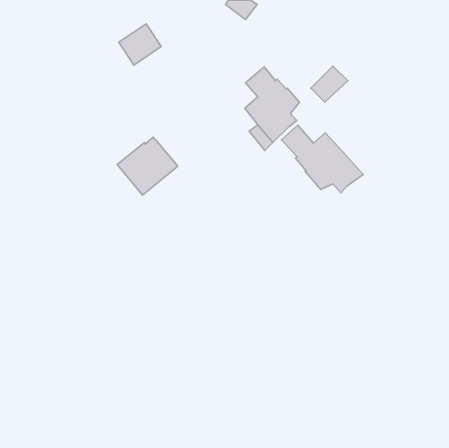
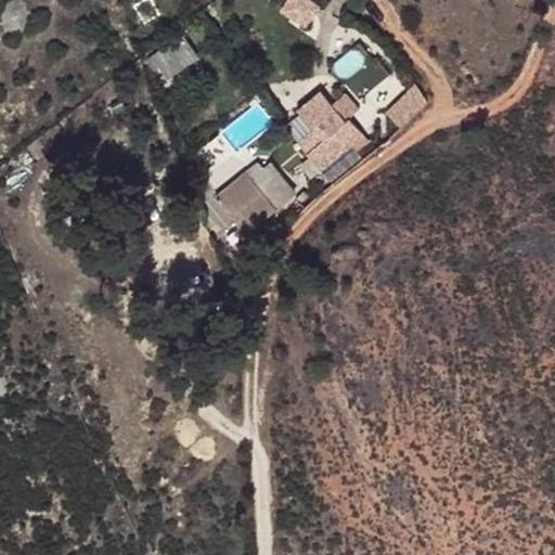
building: [282,125,363,193] -> none
building: [117,137,178,195] -> [218,157,293,229]

